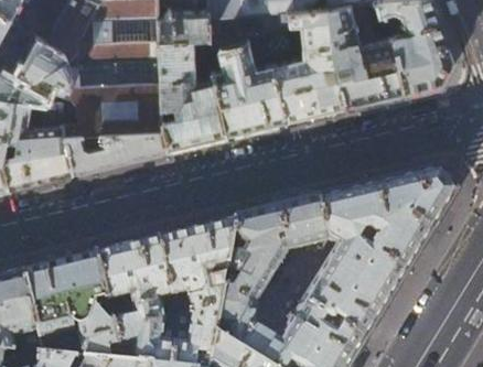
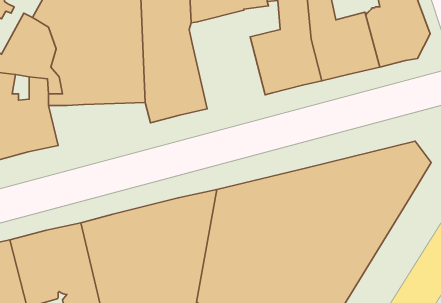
building: [210,33,285,134] -> none
building: [62,128,167,172] -> none

